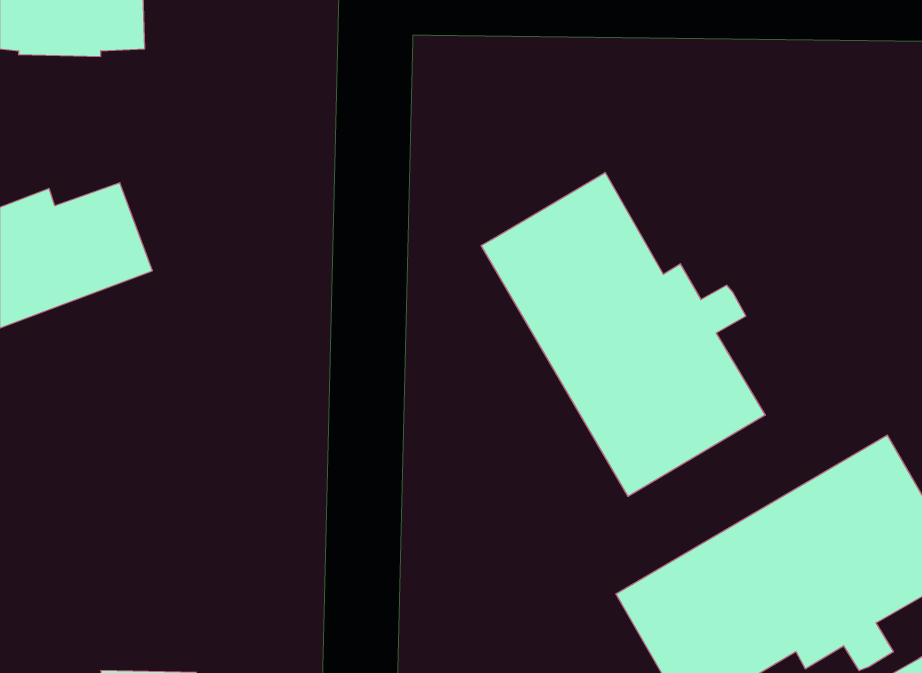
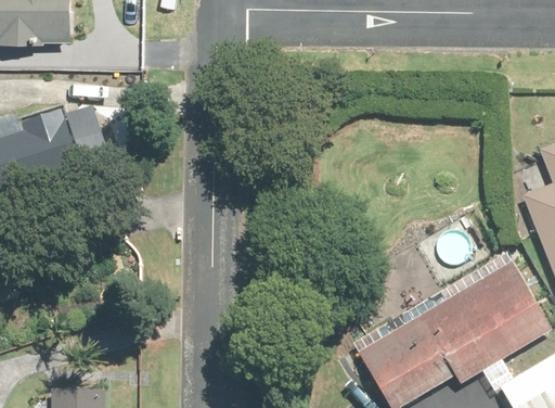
building: [481,172,765,496] -> none

